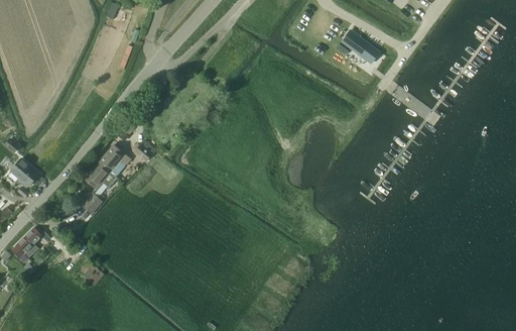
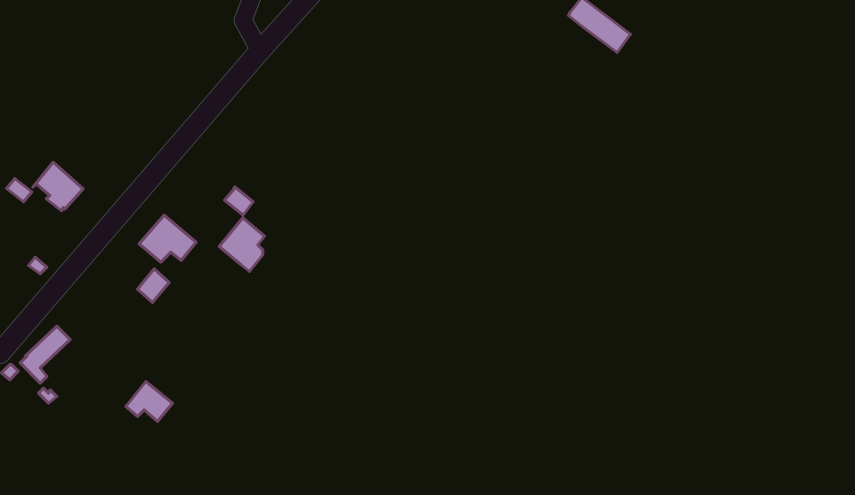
building: [99,144,126,177] -> [219,218,265,272]
building: [9,158,39,188] -> [33,162,83,211]

